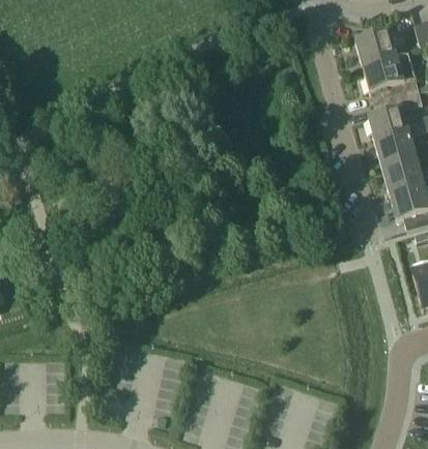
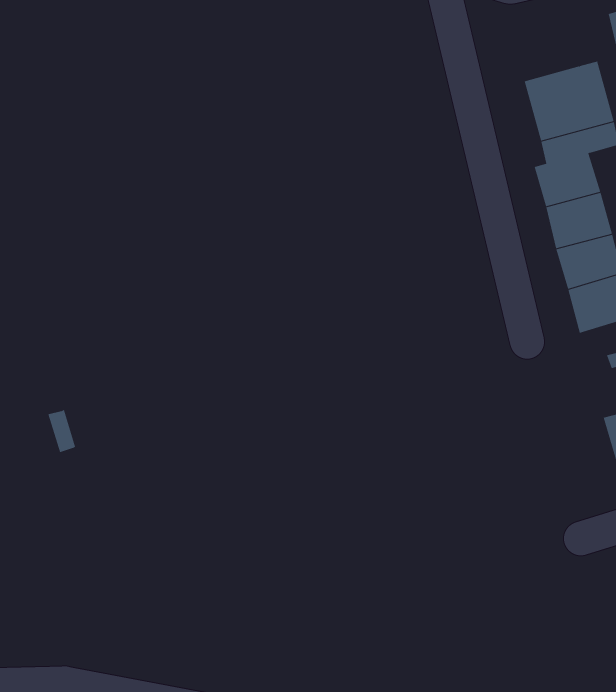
building: [355,29,408,63] -> none

